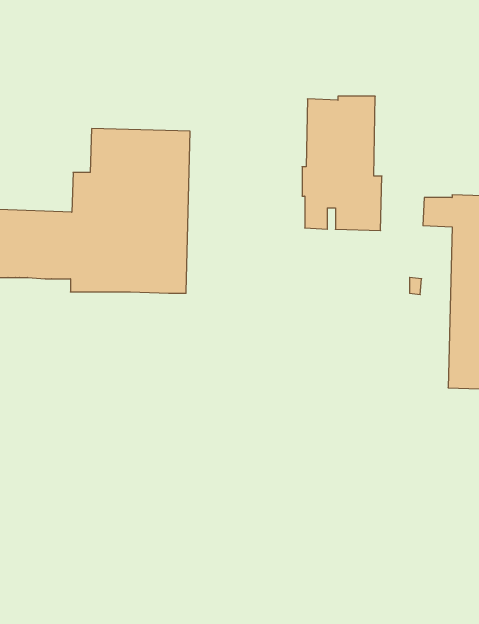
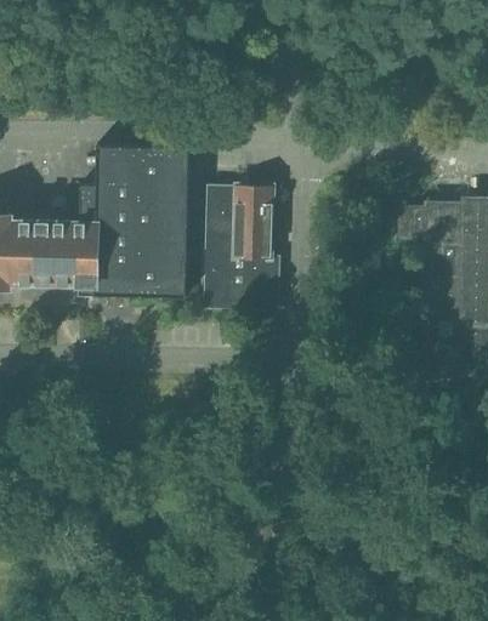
building: [302,96,382,231] -> [205,183,278,306]

